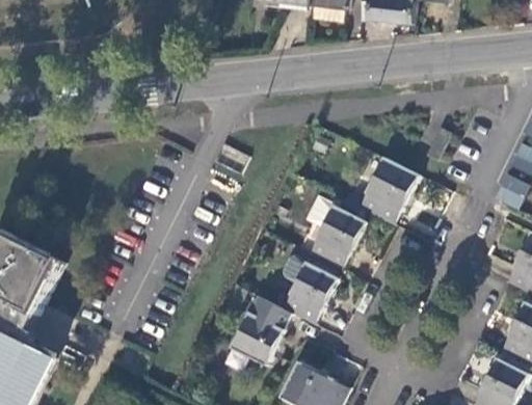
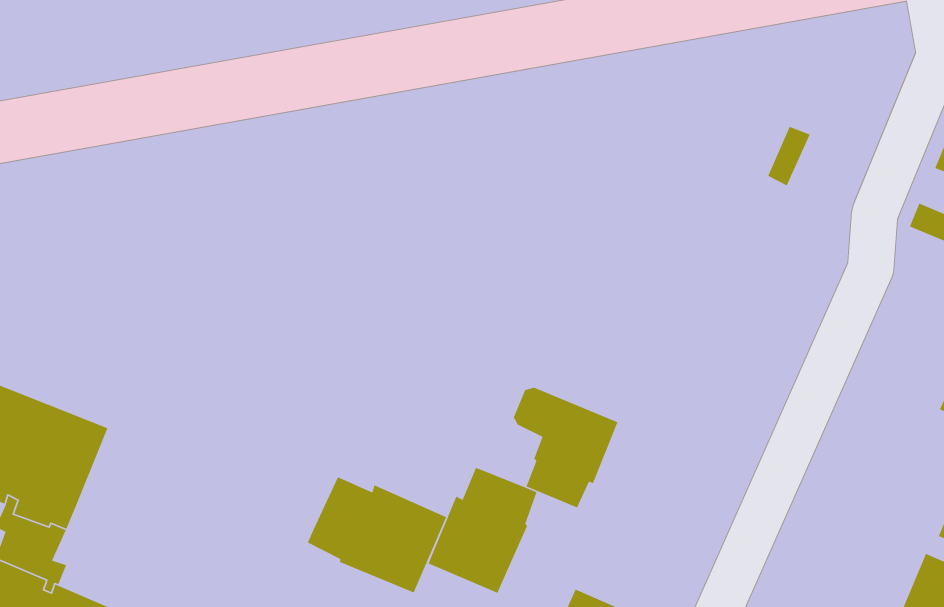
building: [360,155,420,222] -> none
building: [310,204,366,267] -> none
building: none -> [307,476,447,594]

